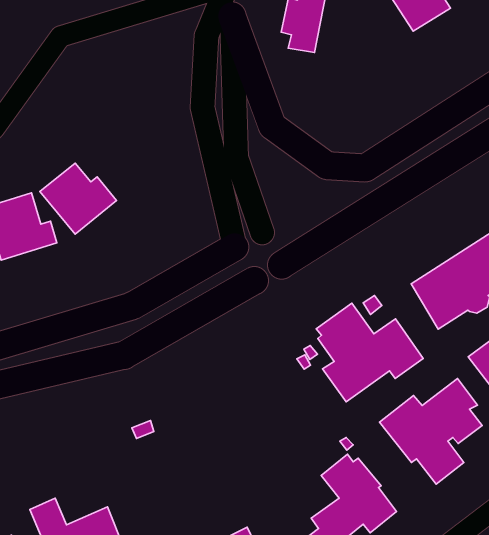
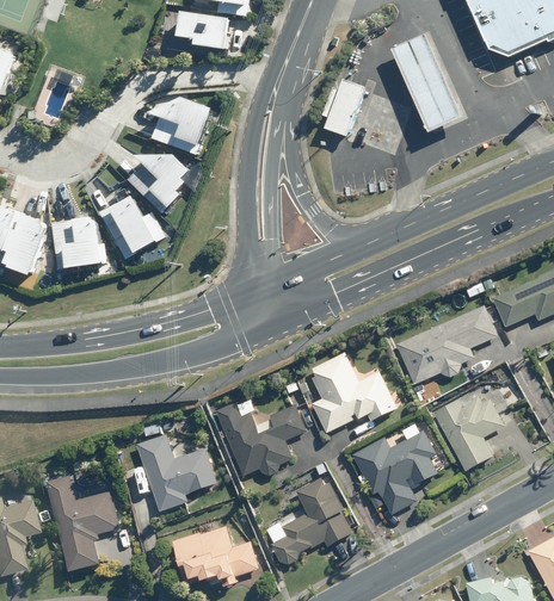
building: none -> [147,97,209,153]
building: none -> [119,153,191,213]
building: none -> [215,402,307,475]
building: none -> [136,434,216,510]

